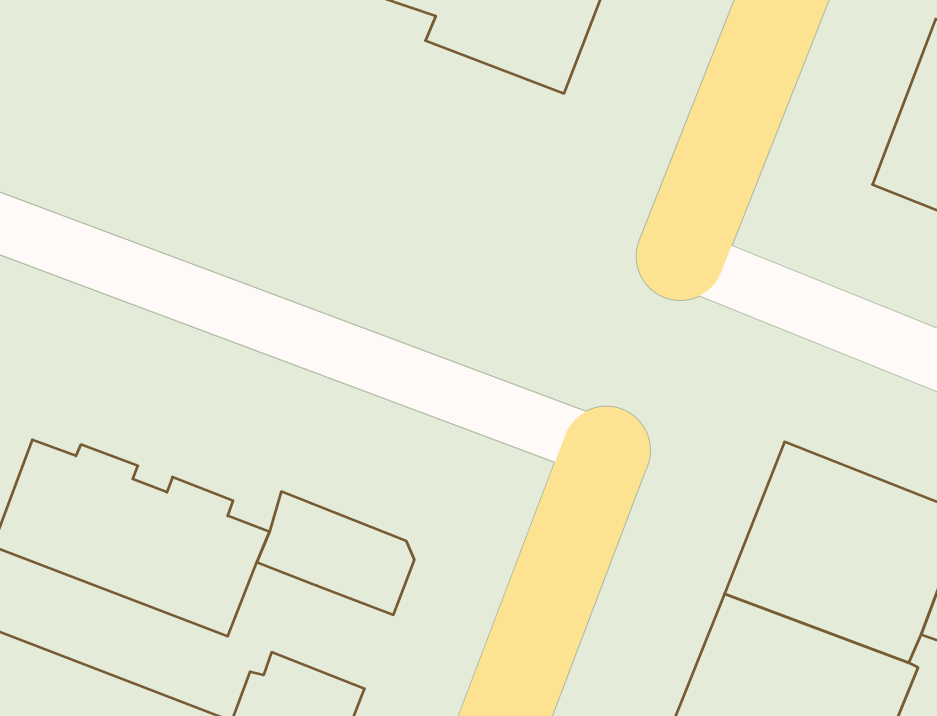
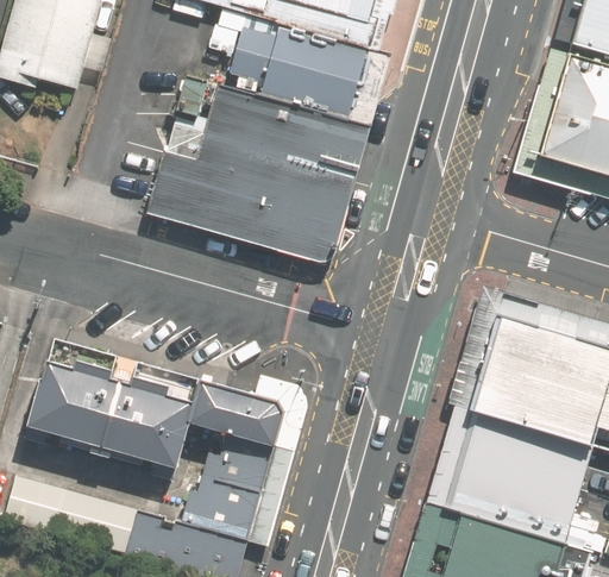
building: none -> [152,86,346,239]
building: none -> [202,433,274,493]

